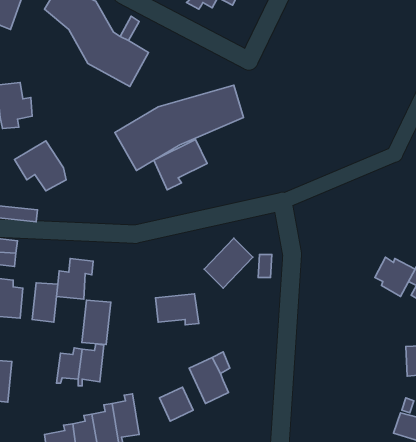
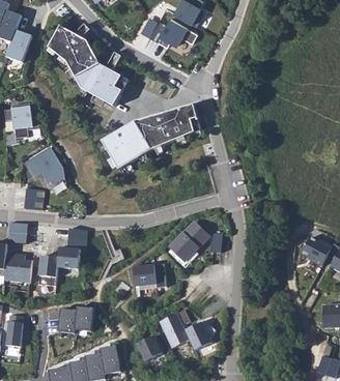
building: [154,140,207,190] -> none
building: [82,300,111,345] -> none
building: none -> [185,319,216,350]

